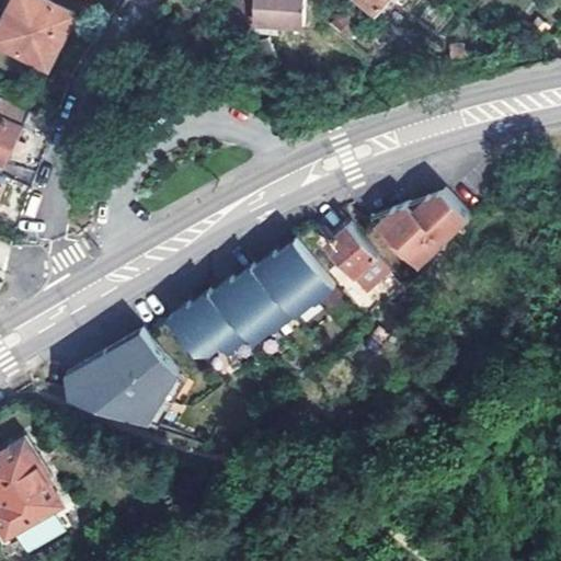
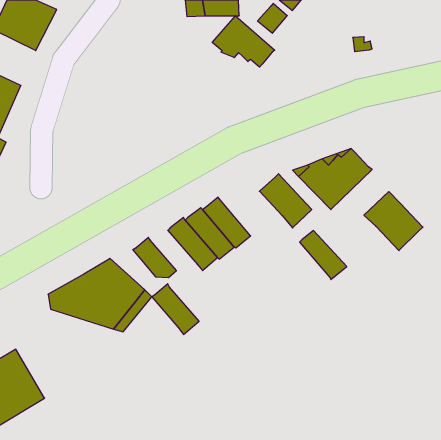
building: none -> [212,16,275,67]
building: [276,244,335,306] -> [300,231,347,280]
building: none -> [364,192,423,251]
building: [188,293,248,356] -> [152,284,199,334]

